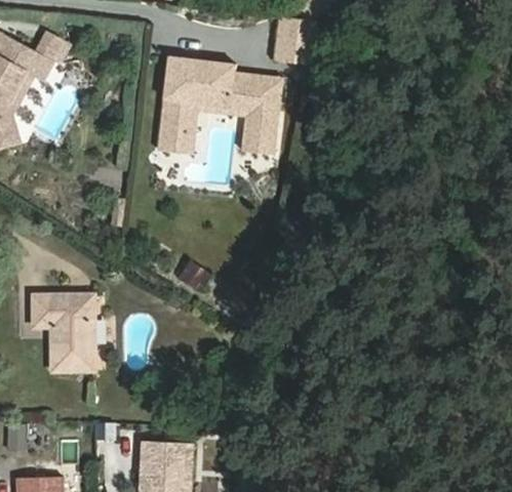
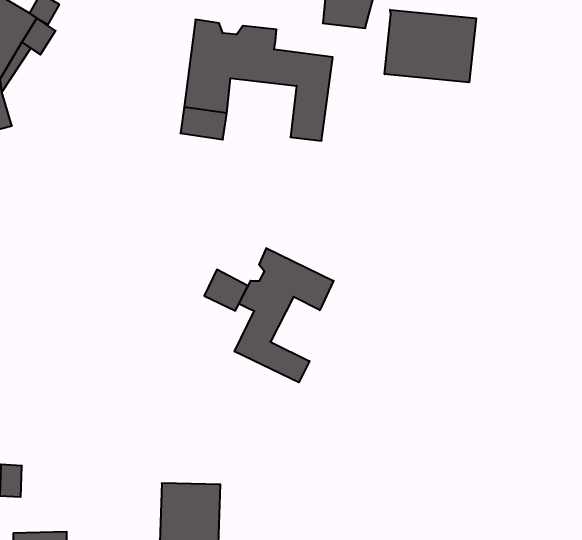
building: none -> [385,10,476,82]
building: none -> [235,248,334,382]
building: [30,295,96,376] -> none

